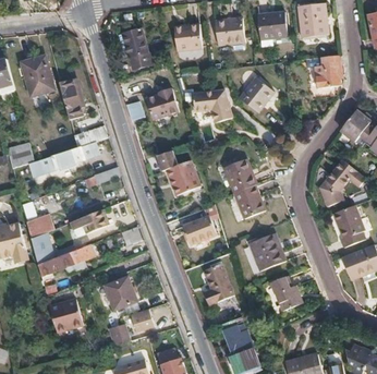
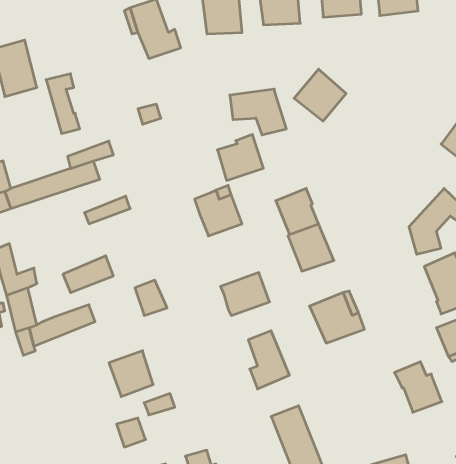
building: [311,53,339,87] -> none
building: [145,87,178,120] -> [217,135,263,180]
building: [270,276,304,312] -> [394,362,442,412]
building: [51,298,85,331] -> none

